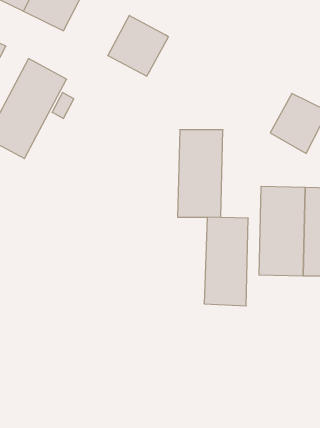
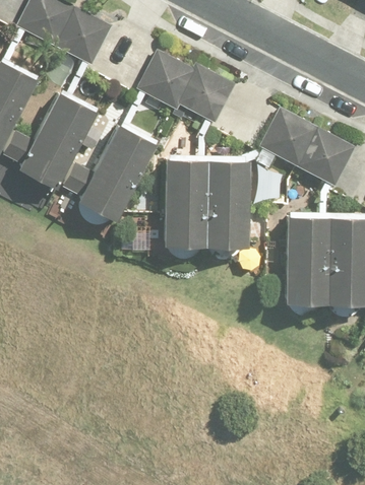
building: none -> [179,65,235,124]
building: none -> [259,107,319,165]
building: none -> [63,126,156,221]
building: [204,217,248,306] -> [165,161,208,249]

